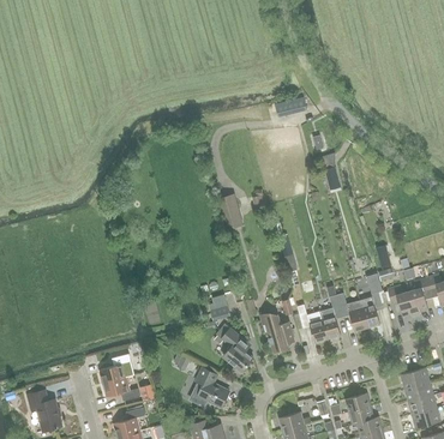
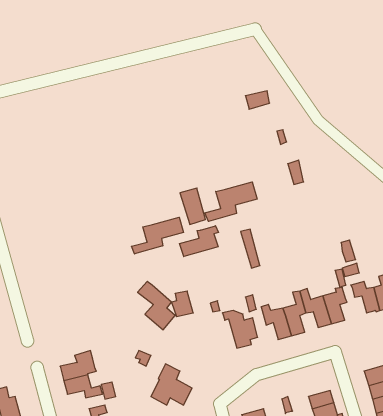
building: none -> [205,182,257,221]
building: none -> [131,217,184,254]
building: none -> [179,226,219,257]
building: [216,324,253,372] -> [138,281,175,330]

